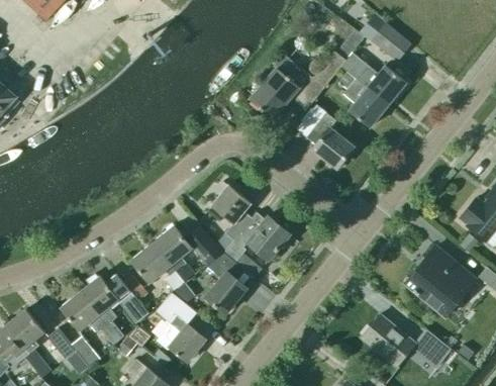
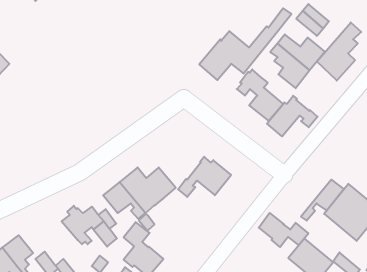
building: none -> [317,22,361,81]
building: none -> [267,96,318,136]
building: [211,184,253,240] -> none
building: none -> [301,180,344,221]
building: [205,251,247,313] -> none
building: none -> [259,213,308,247]
building: [61,292,119,344] -> none

